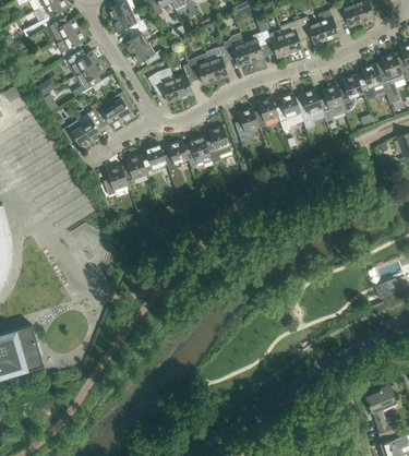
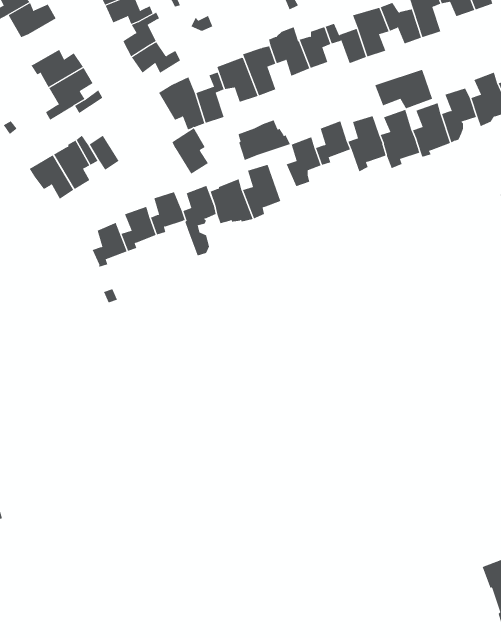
building: [55,28,85,59] -> none
building: none -> [375,68,433,109]
building: [108,93,133,124] -> [171,128,209,175]
building: none -> [238,120,291,161]

